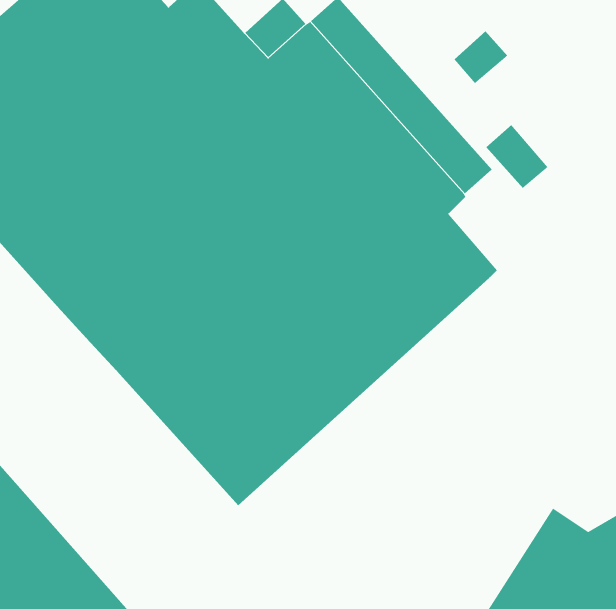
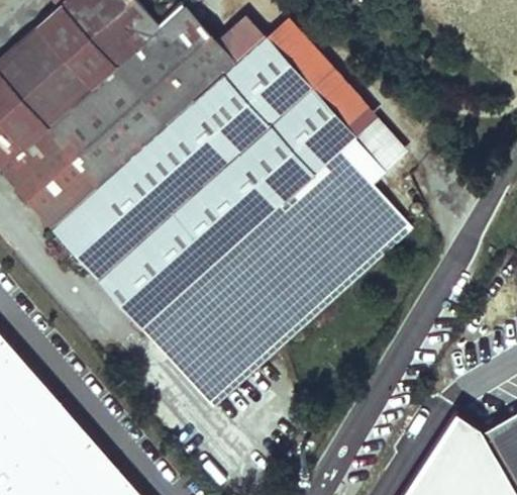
building: [454,31,508,84] -> none
building: [486,124,549,189] -> none

